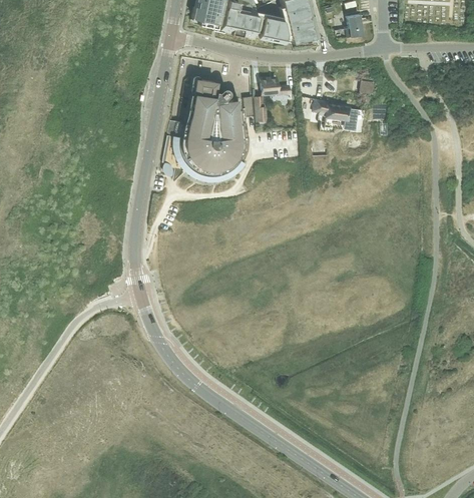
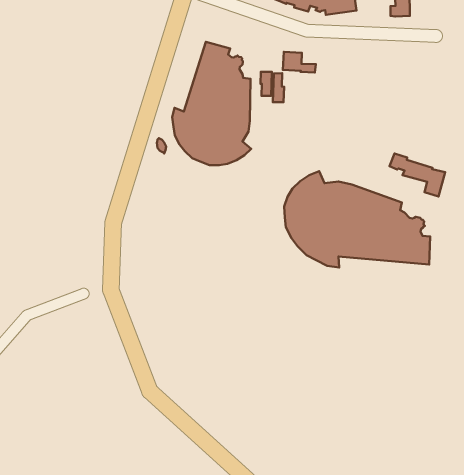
building: [314,99,361,130] -> [389,154,445,196]
building: none -> [284,171,430,267]

